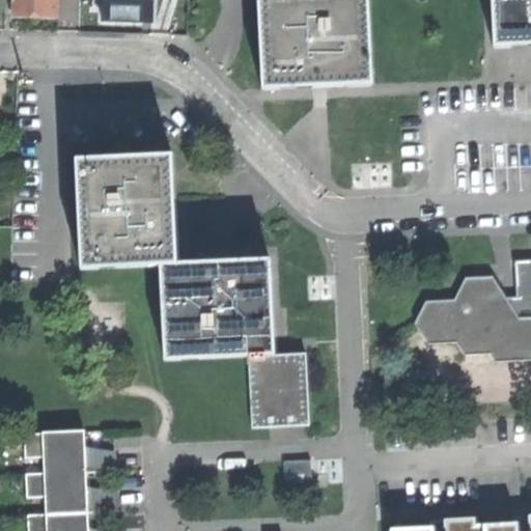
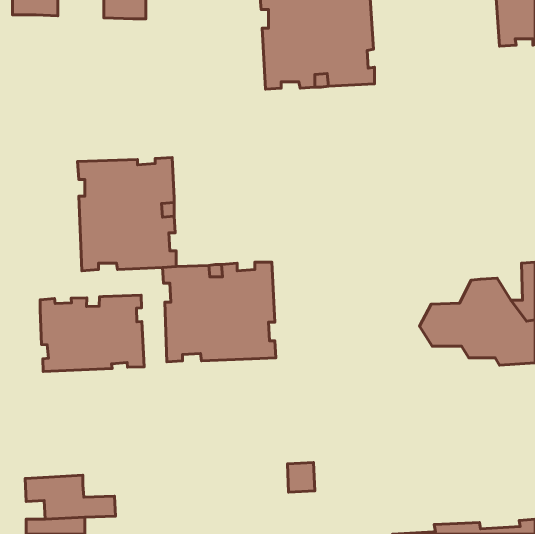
building: none -> [40,295,144,372]
building: [249,353,307,426] -> none
building: [24,430,113,472] -> none

